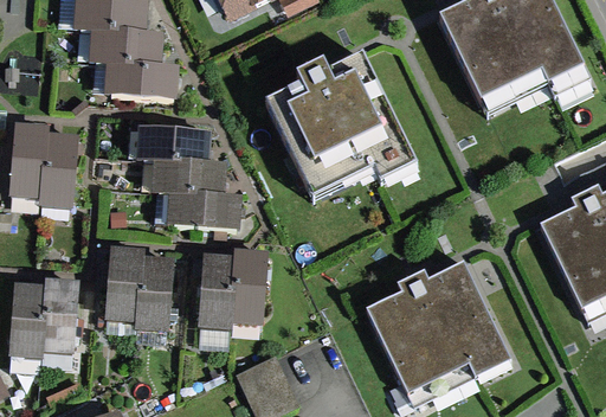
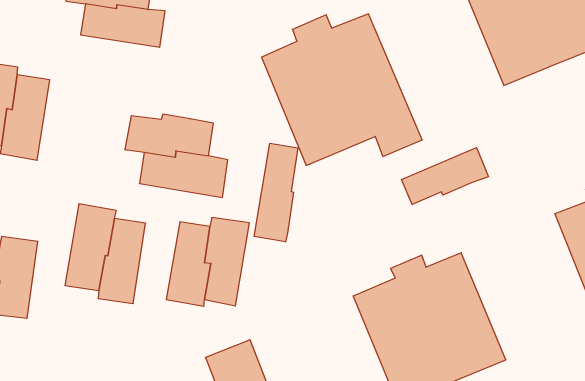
building: [135,127,209,163] -> none
building: none -> [401,148,489,204]
building: none -> [254,143,298,242]

